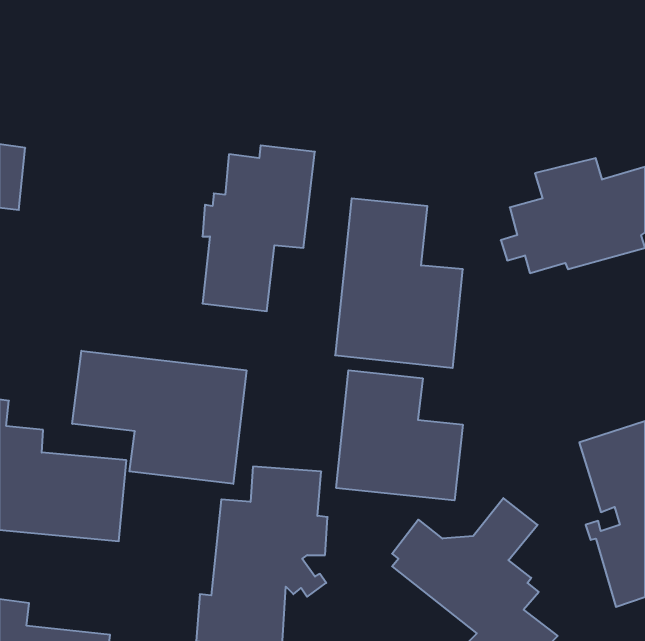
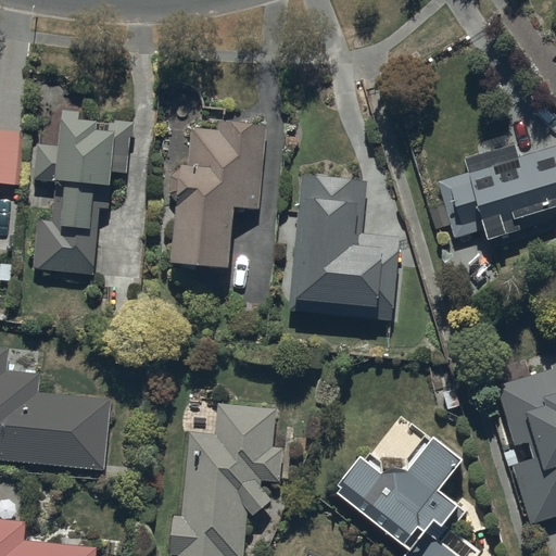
building: none -> [34,106,134,274]
building: [72,351,246,484] -> none
building: [336,370,463,500] -> none

